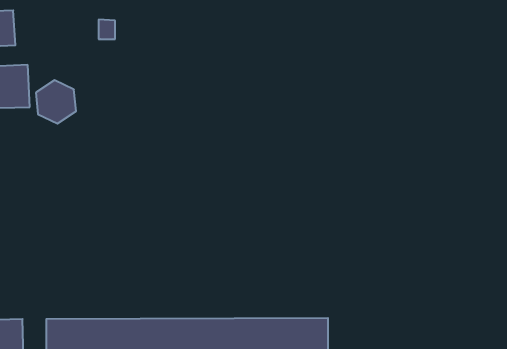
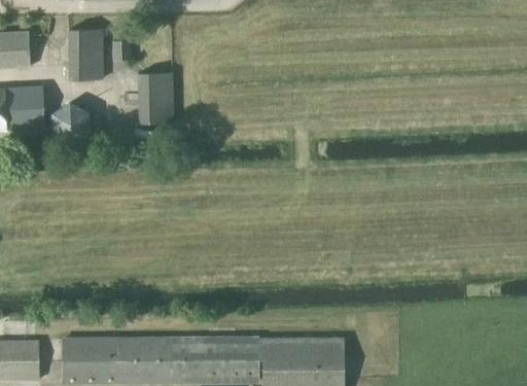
building: none -> [69,28,102,78]
building: none -> [138,72,173,121]

